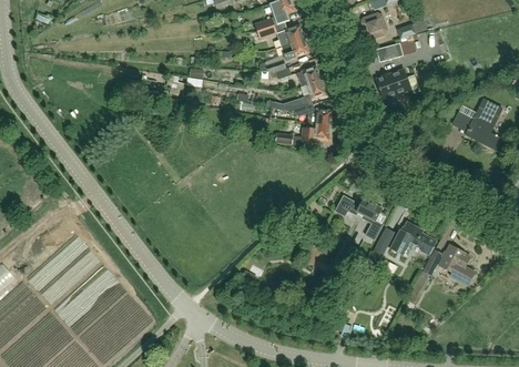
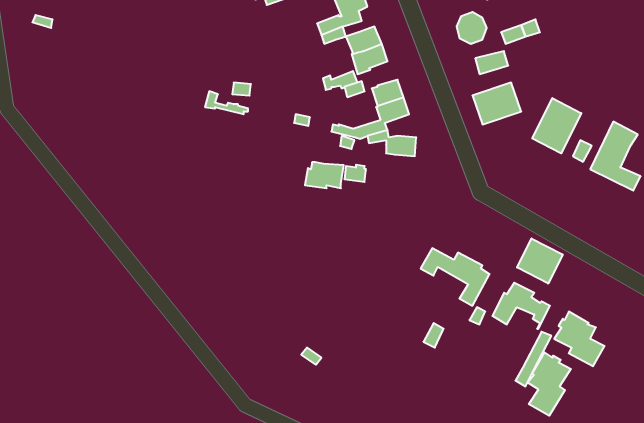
building: none -> [532,98,581,153]
building: [301,123,330,143] -> [305,162,344,188]
building: none -> [517,238,563,284]
building: none -> [528,352,571,416]

